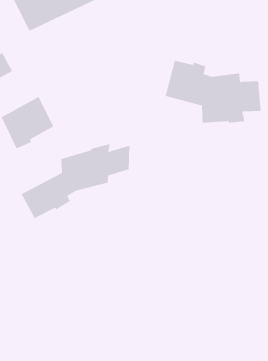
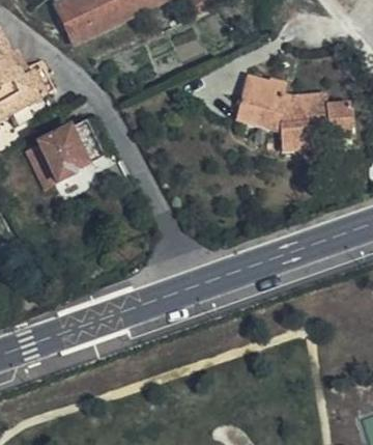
building: [21,143,130,219] -> none

